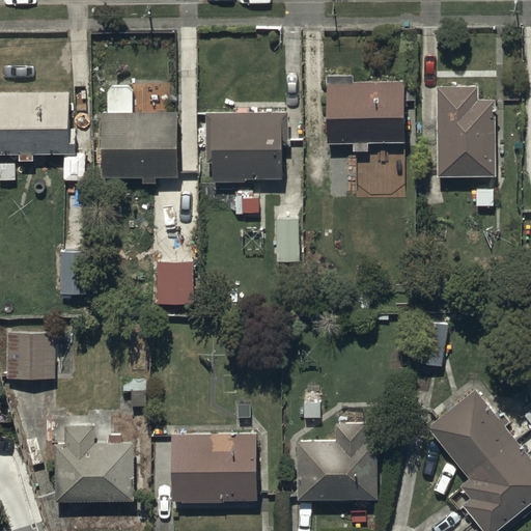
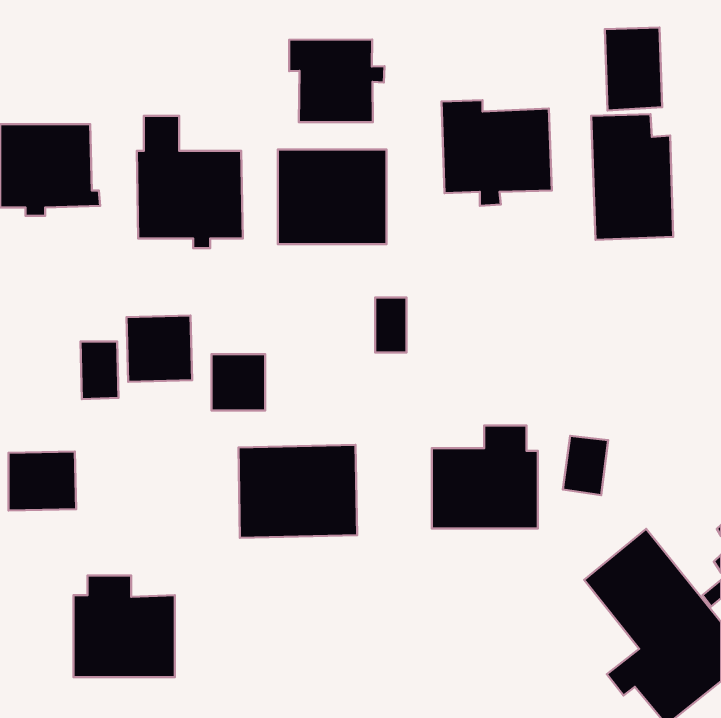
building: none -> [605,28,662,111]
building: none -> [289,39,385,122]
building: none -> [127,315,192,382]
building: [298,424,375,500] -> [432,426,538,528]
building: [169,432,256,501] -> [238,445,357,538]

